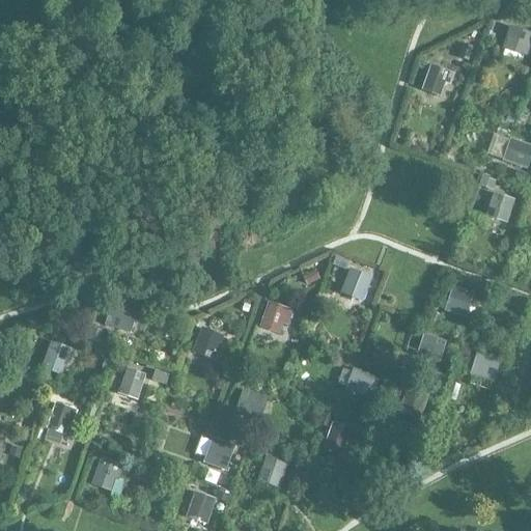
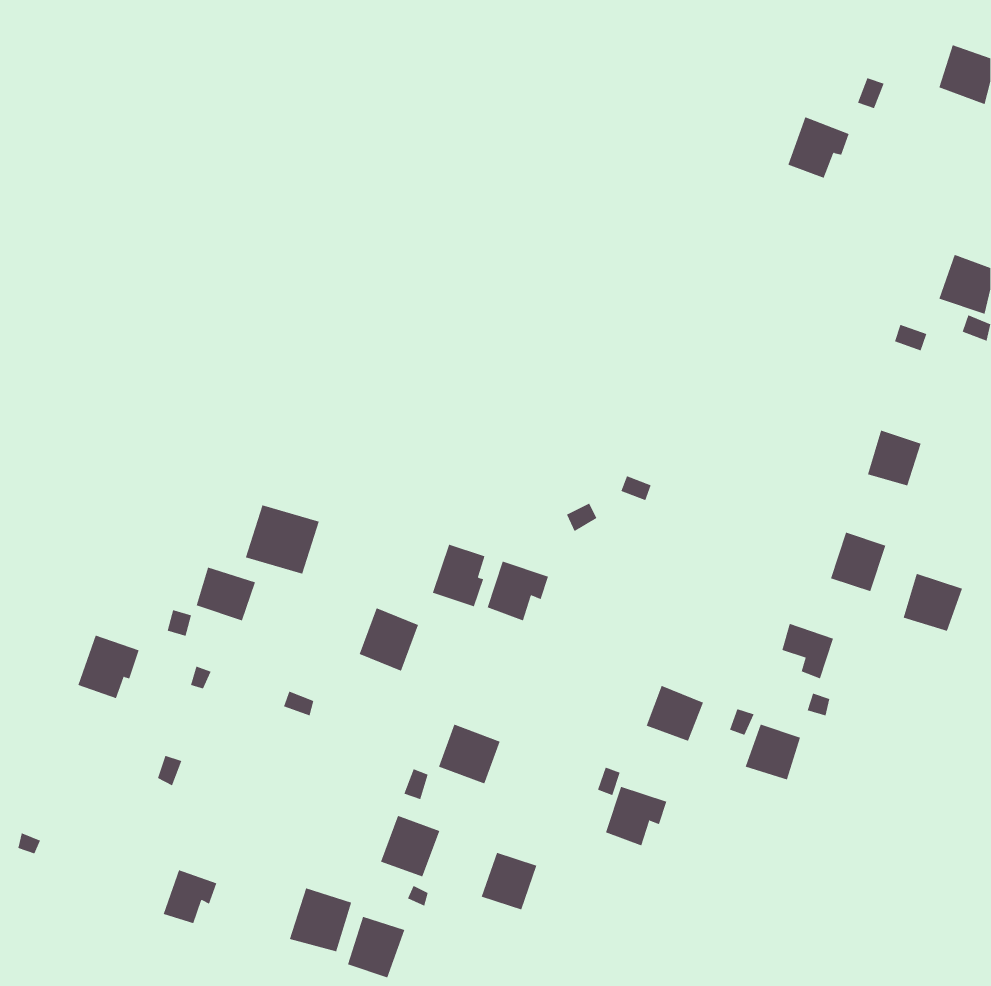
building: [485,191,514,221] -> [867,430,921,486]
building: [339,267,372,301] -> none
building: none -> [245,504,319,575]
building: none -> [432,544,485,607]
building: [470,350,502,381] -> [903,573,963,631]
building: [117,366,146,398] -> none
building: [46,400,78,434] -> none
building: none -> [289,887,352,952]

